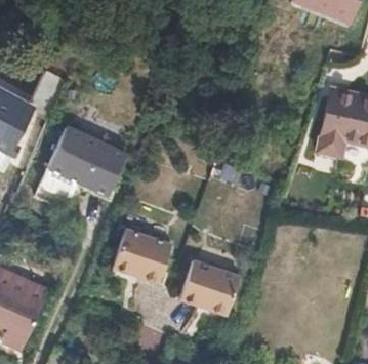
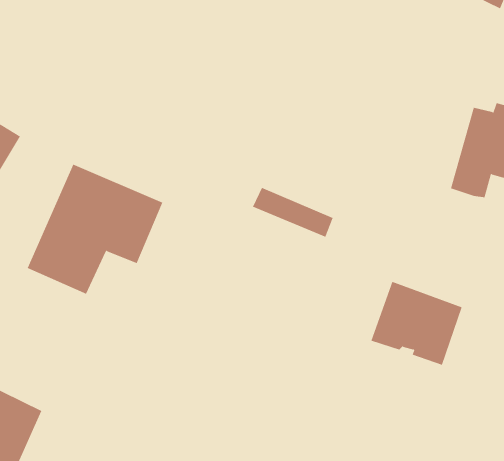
building: [114,221,174,278] -> none
building: [181,255,243,312] -> [370,281,462,366]

